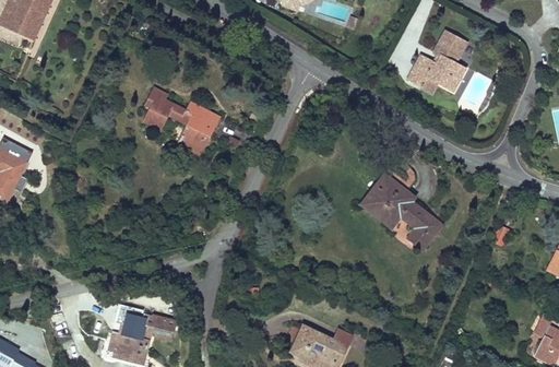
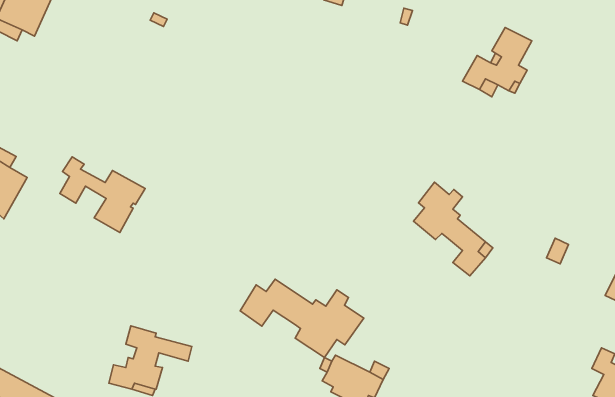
building: [144,90,221,157] -> [60,157,145,232]
building: [361,188,402,230] -> none
building: none -> [240,279,364,358]

